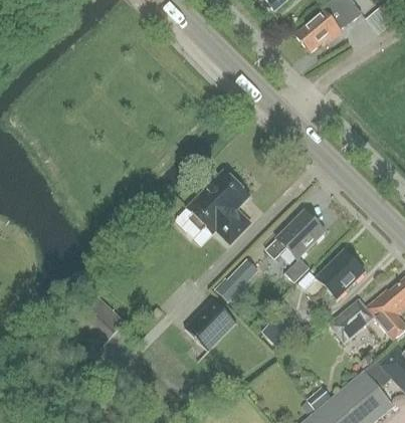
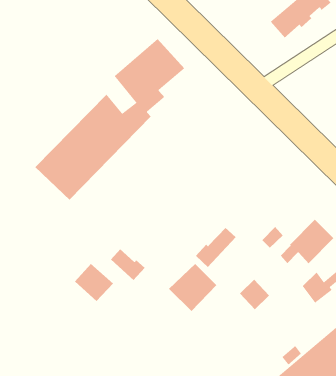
building: none -> [35,38,185,201]
building: [187,170,249,241] -> none
building: [266,210,325,258] -> none
building: none -> [110,249,145,281]

